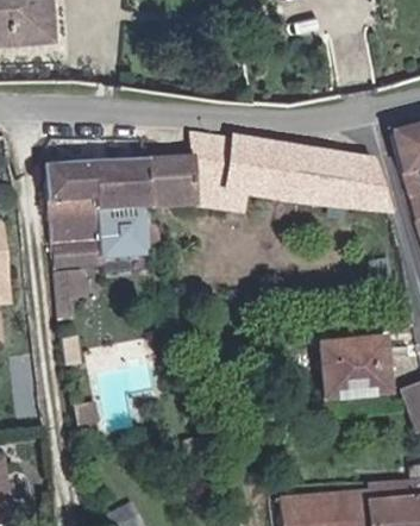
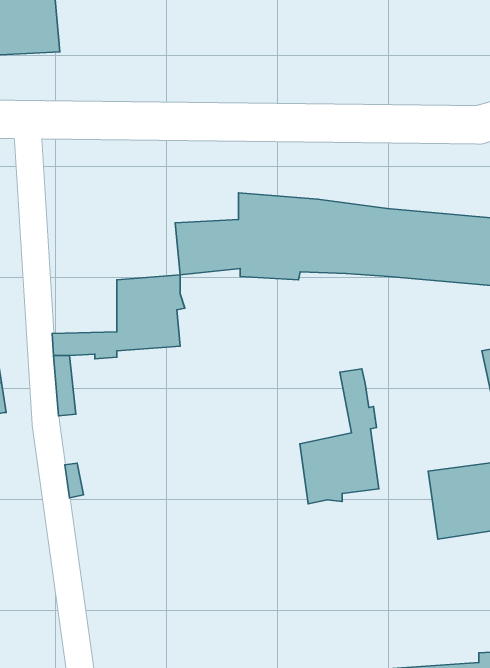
building: [40,171,143,255] -> none
building: none -> [300,369,379,504]

